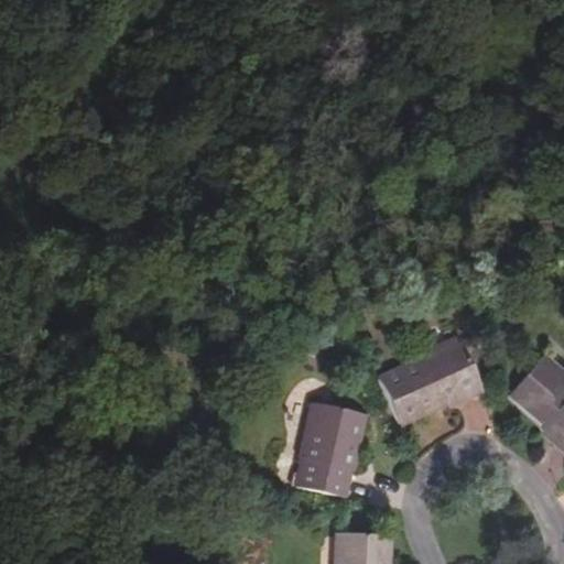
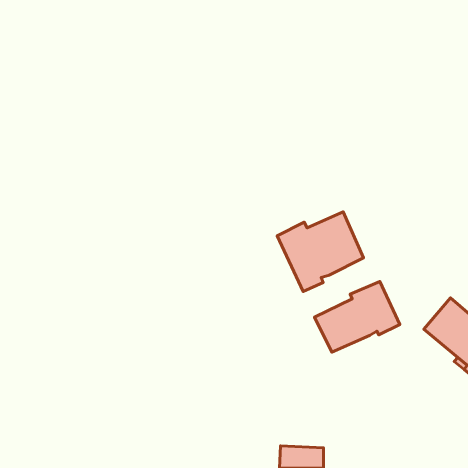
building: none -> [277,212,364,291]
building: [299,404,365,498] -> none

